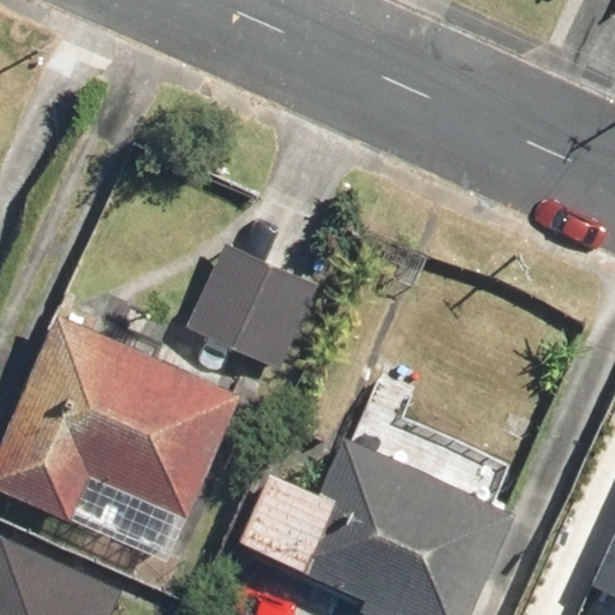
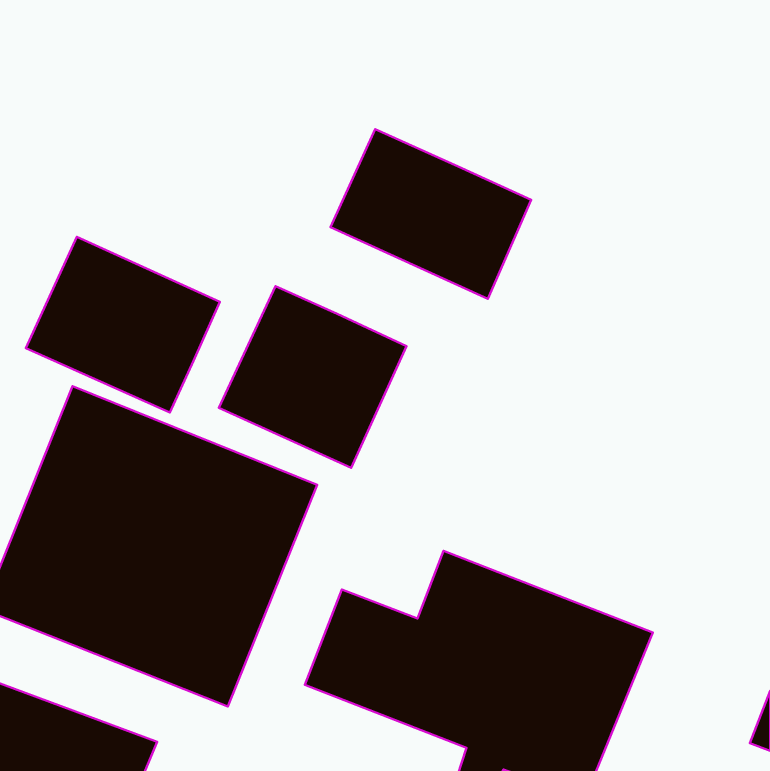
building: none -> [331,129,531,299]
building: none -> [26,237,220,412]

